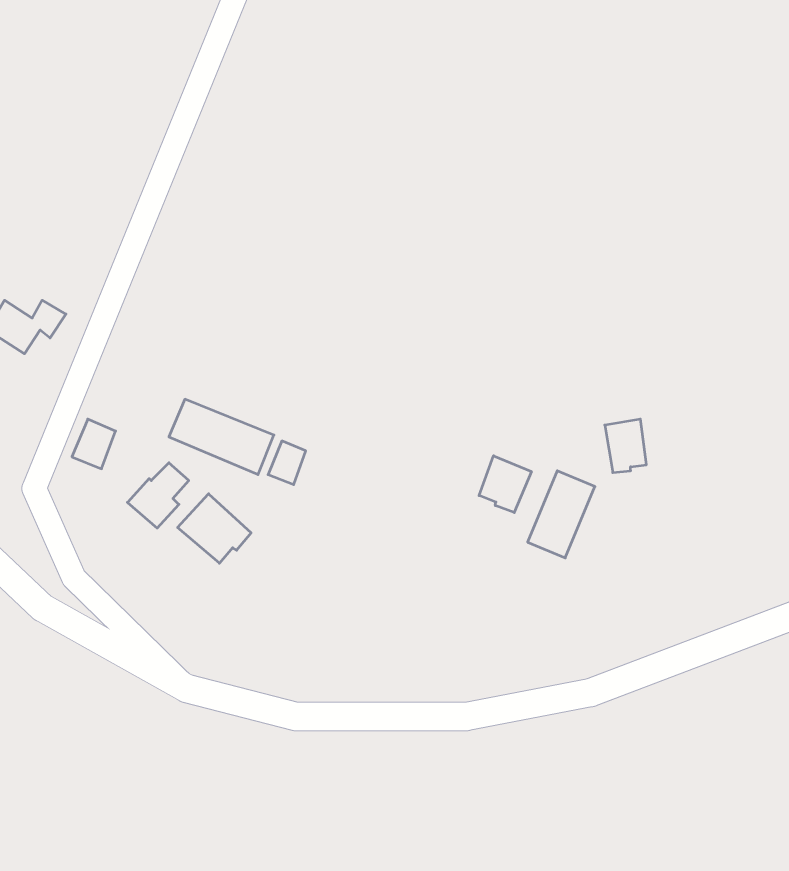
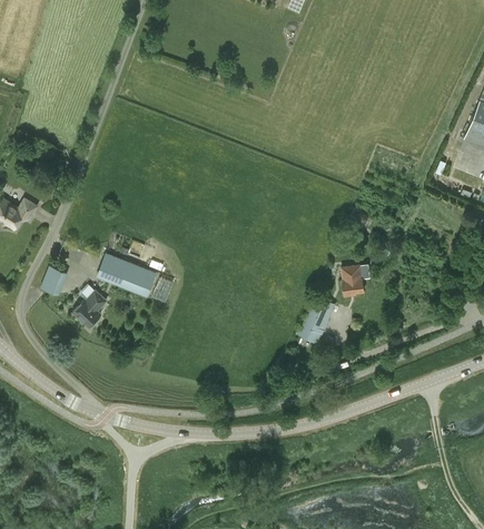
building: [479,456,531,513] -> none
building: [178,494,251,563] -> none

